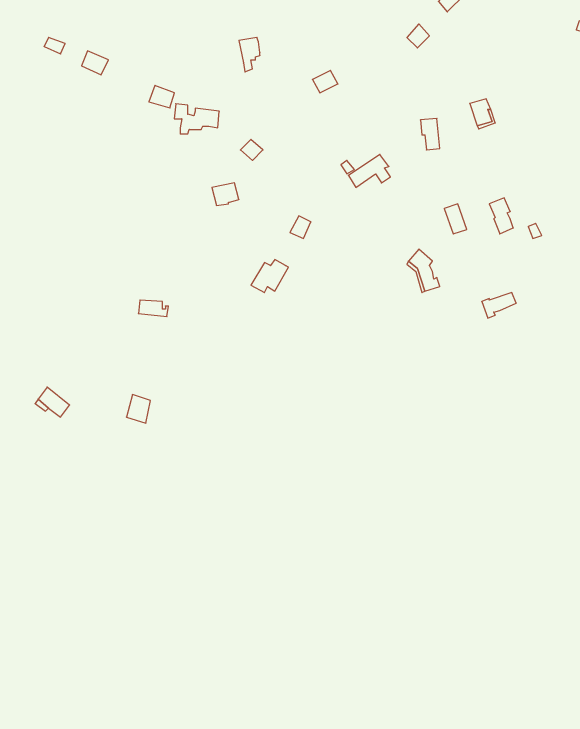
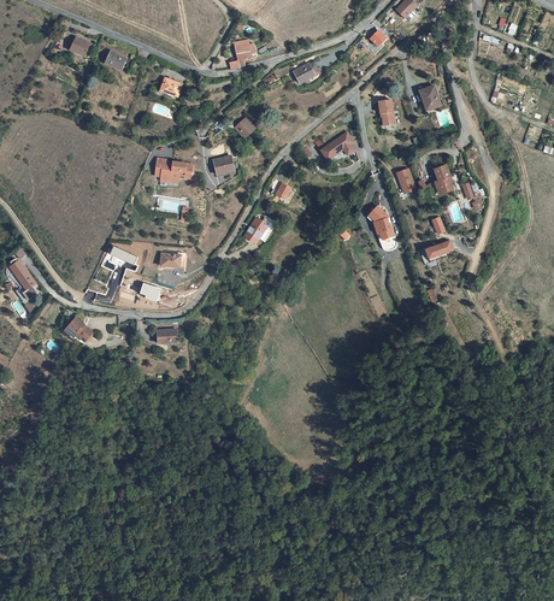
building: [174,104,219,134] -> [154,157,190,181]

